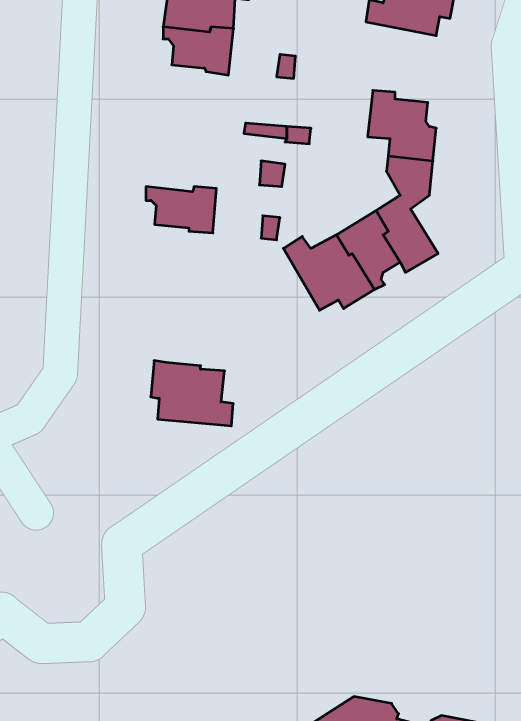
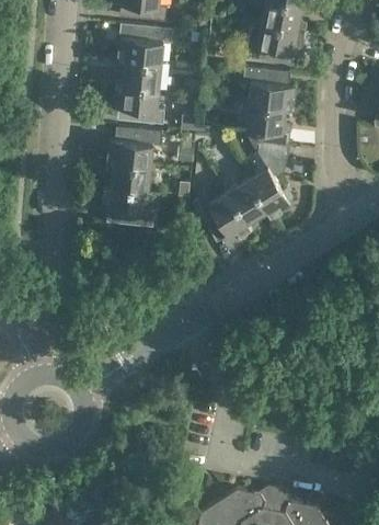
building: none -> [243,66,296,109]
building: none -> [113,84,164,126]
building: none -> [106,127,162,166]
building: [151,361,233,426] -> [102,185,154,227]

